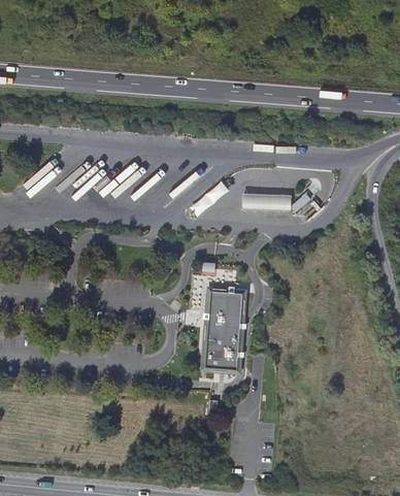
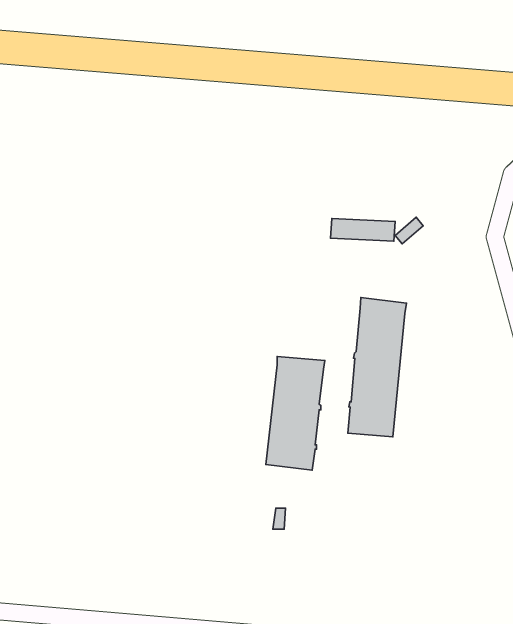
building: none -> [348,298,407,437]

